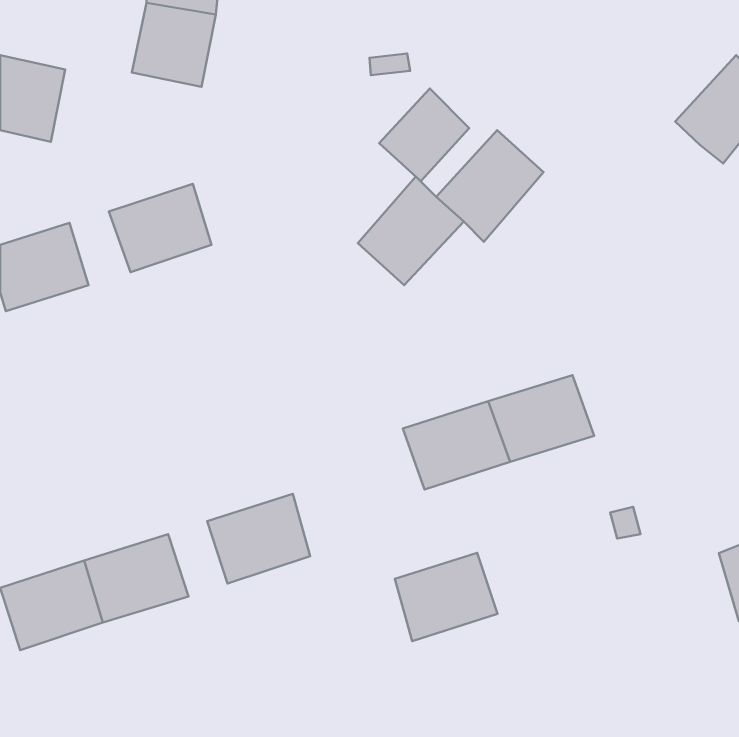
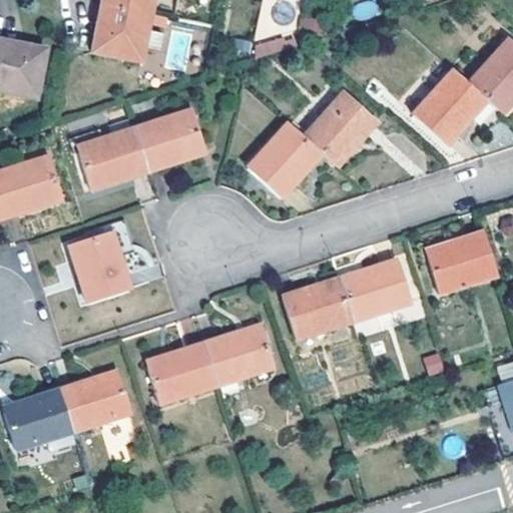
building: [379,88,469,181] -> none
building: none -> [414,70,485,144]
building: none -> [134,109,205,169]
building: none -> [69,229,130,302]
building: none -> [422,232,497,294]
building: [395,553,498,641] -> [203,324,275,385]

